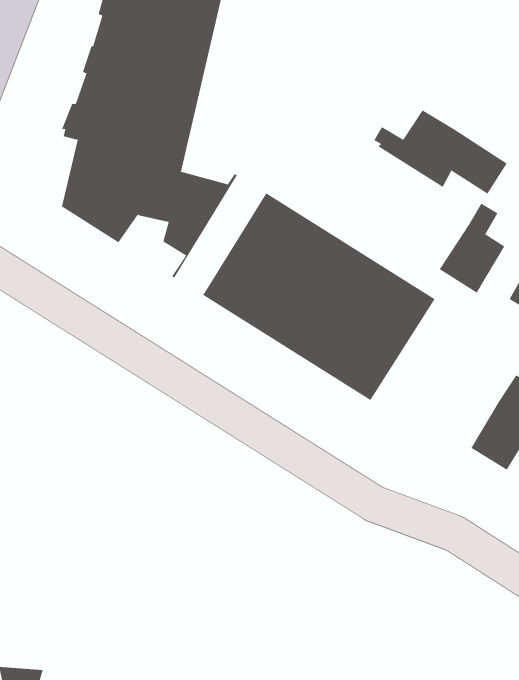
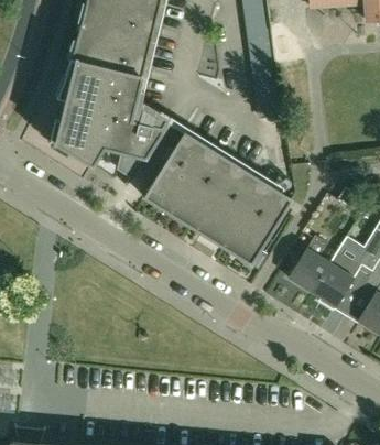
building: [374,110,508,195] -> none
building: [439,203,505,294] -> [290,236,332,293]

